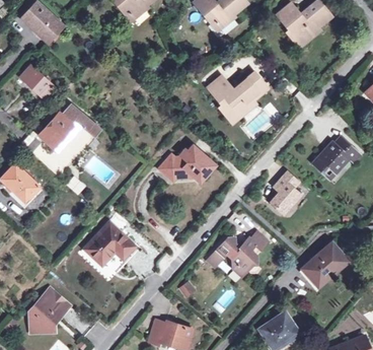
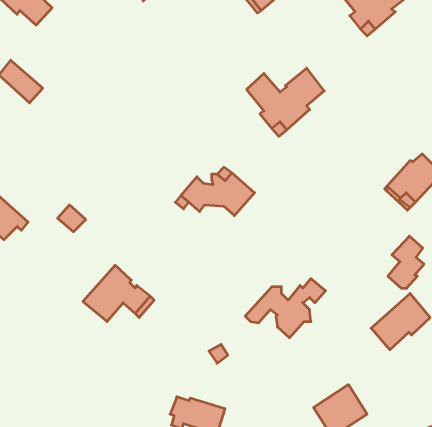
building: [38,103,100,149] -> none
building: [271,172,298,212] -> [388,236,424,288]
building: [29,286,71,332] -> none

